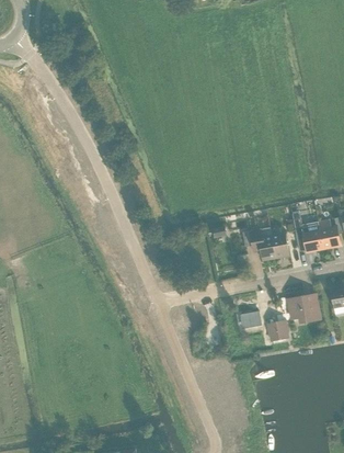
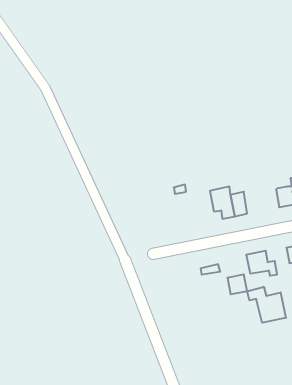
building: [293,217,322,251] -> none
building: none -> [247,287,286,323]

